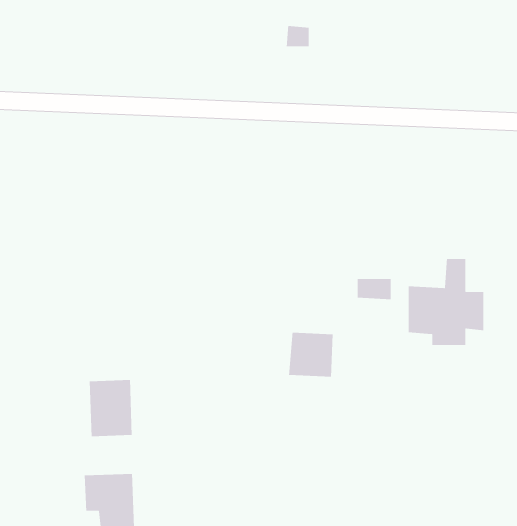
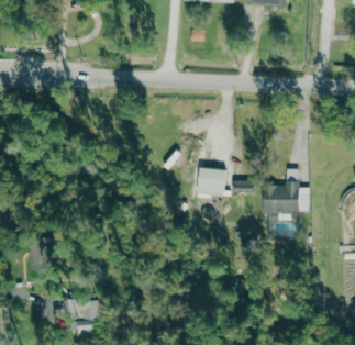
building: [288,332,334,377] -> [198,168,225,196]
building: [89,379,133,437] -> [29,237,55,272]

